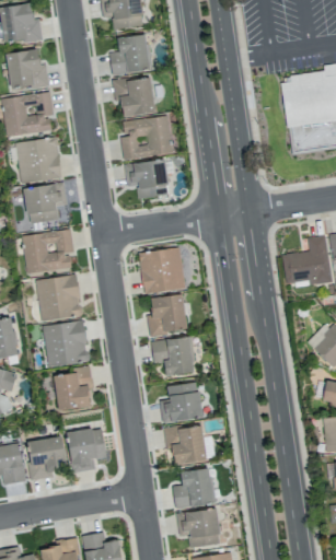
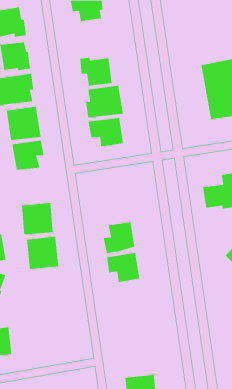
building: [112,35,158,75] -> none
building: [22,230,73,272] -> none
building: [140,255,187,300] -> none
building: [53,365,92,410] -> none
building: [159,382,200,421] -> none
building: [163,423,206,465] -> none
building: [66,427,106,470] -> none
building: [25,436,66,479] -> none
building: [172,468,212,508] -> none

